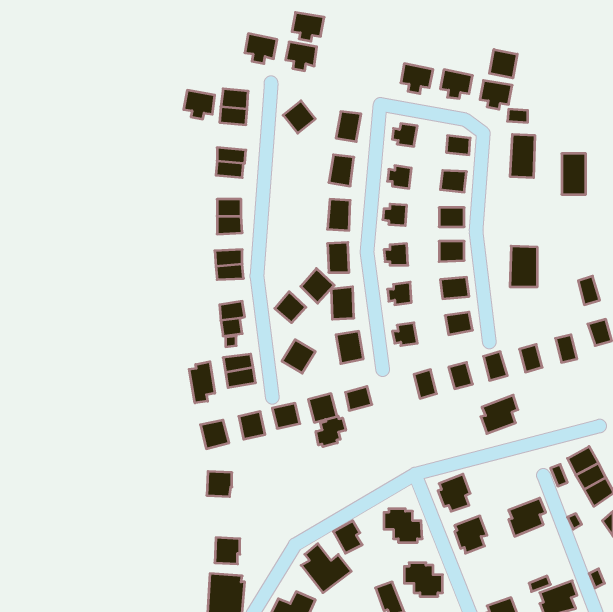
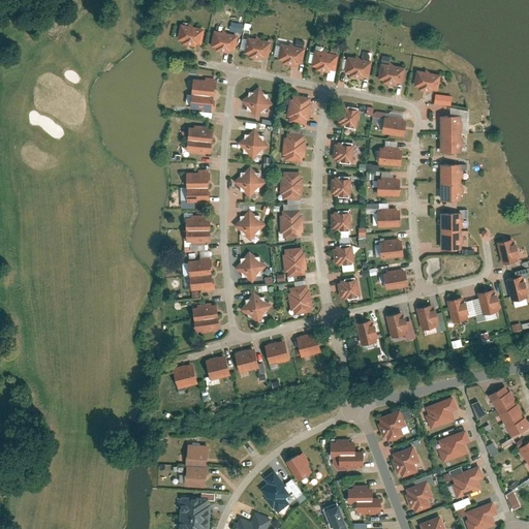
building: [292,12,324,41] -> [278,42,306,67]
building: [489,49,517,78] -> none
building: none -> [313,48,341,72]
building: [184,90,215,119] -> [177,24,204,49]
building: none -> [239,130,267,158]
building: [562,154,586,194] -> [441,165,462,200]
building: none -> [236,167,264,196]
building: [301,268,334,303] -> [236,210,264,240]
building: [189,362,215,403] -> none
building: [481,395,518,434] -> [425,397,457,430]
building: [316,416,346,447] -> none
building: [207,471,232,497] -> [186,443,208,465]
building: none -> [452,465,484,499]
building: none -> [405,479,433,512]

